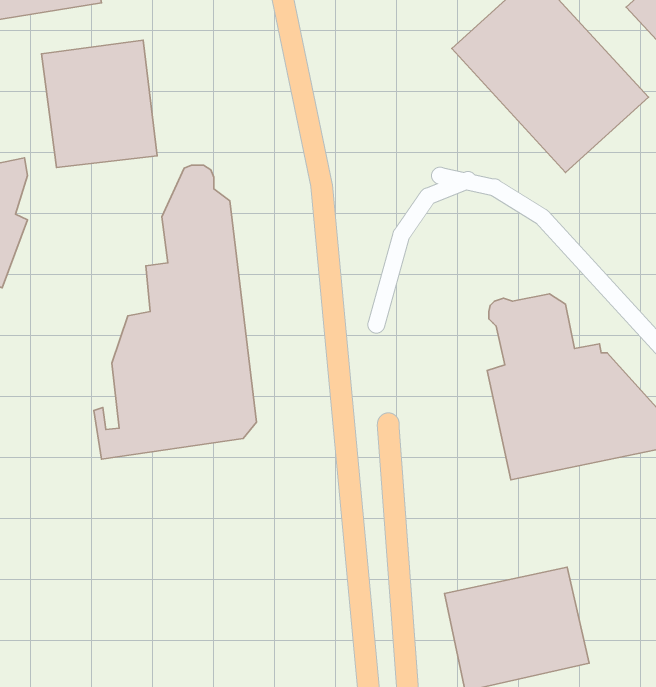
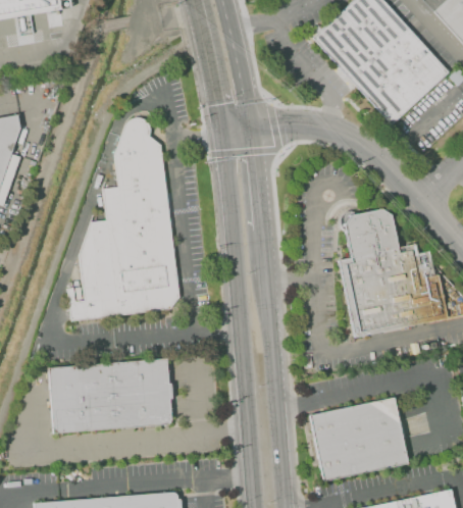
building: [42,40,157,168] -> none
building: none -> [47,358,171,434]

